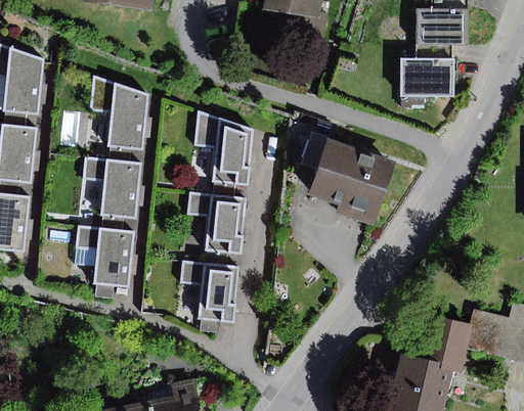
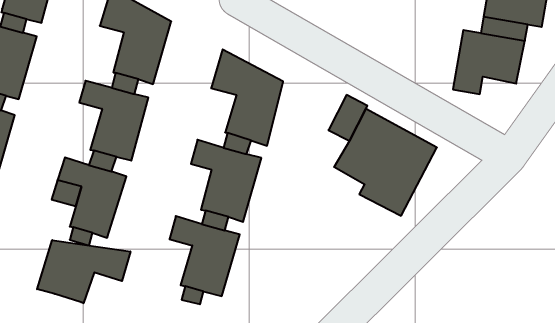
building: none -> [37,240,130,303]

